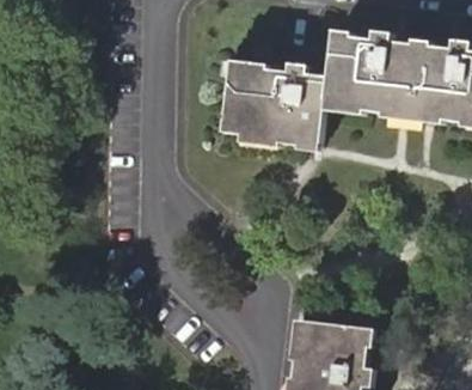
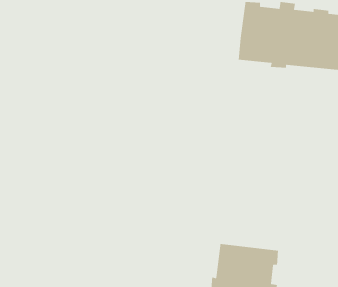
building: [223,61,326,145] -> none

